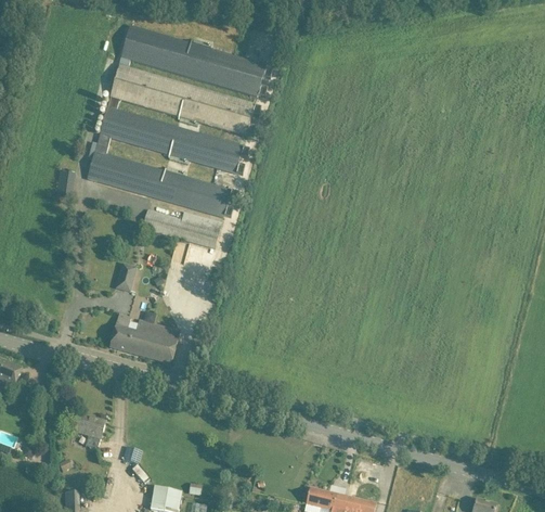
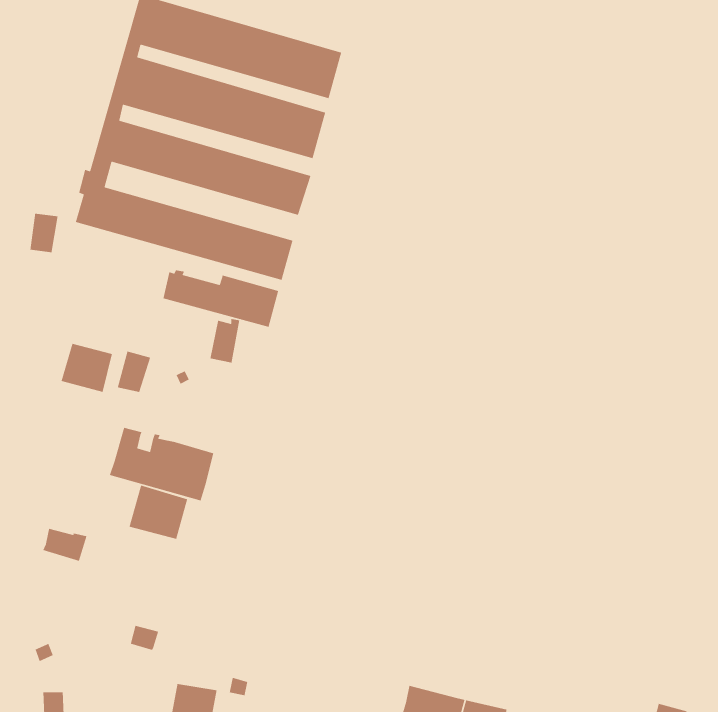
building: none -> [60,343,113,393]
building: none -> [129,484,188,540]
building: [75,417,105,439] -> [42,528,87,562]

